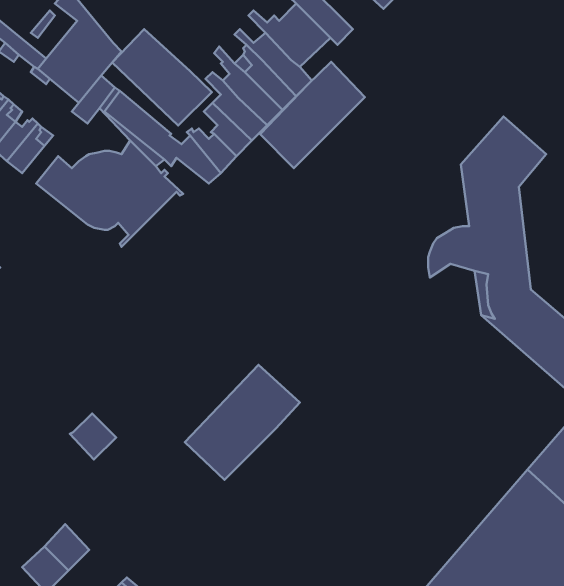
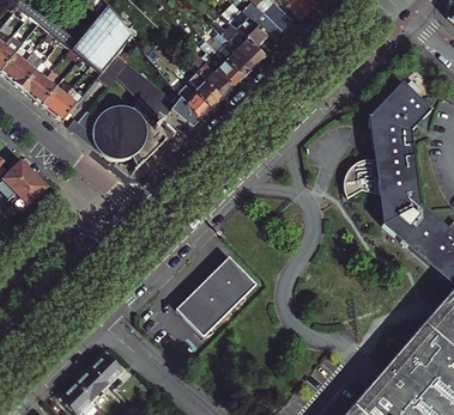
building: [112,29,212,126] -> none
building: [260,62,365,168] -> none
building: [70,413,116,460] -> [92,353,125,385]

